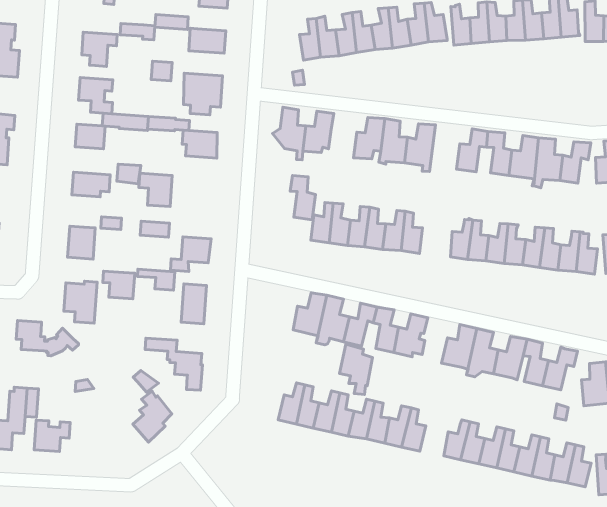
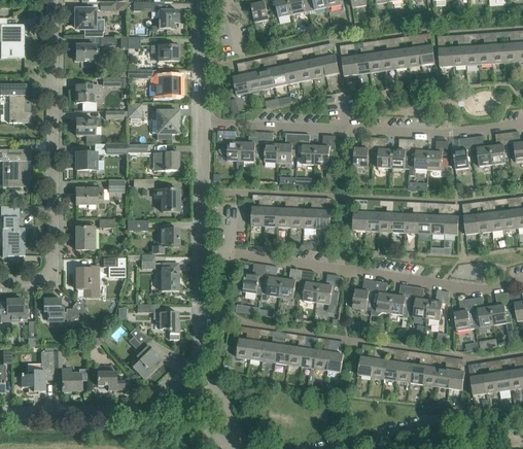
building: [139,173,172,207] -> [154,188,178,211]
building: [290,176,315,220] -> [259,132,278,163]
building: [340,344,372,394] -> none
building: none -> [96,366,124,389]

